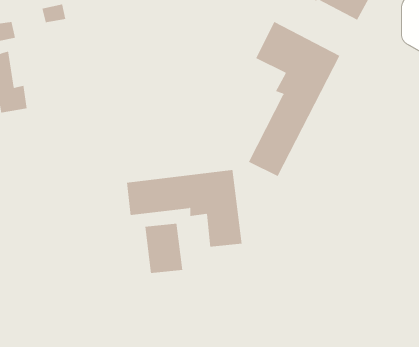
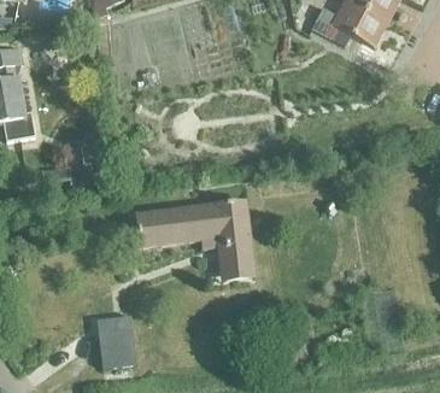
building: [248,21,340,177] -> none
building: [144,223,183,274] -> [96,316,136,368]

